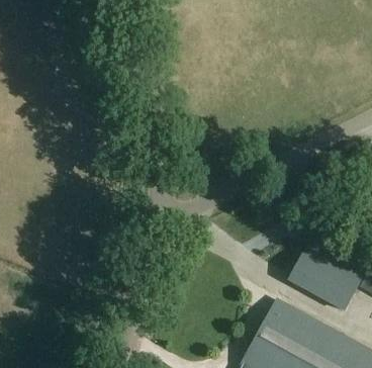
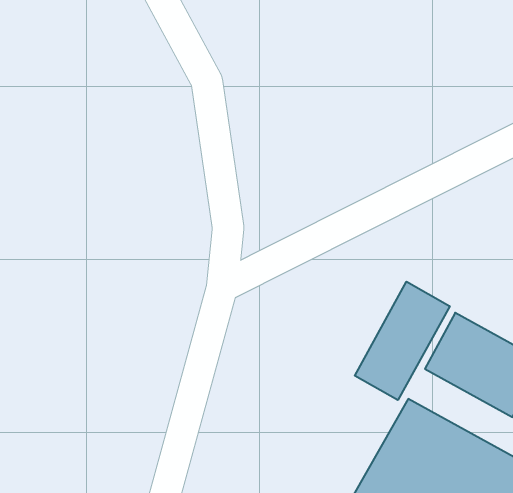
building: none -> [355,282,450,400]

